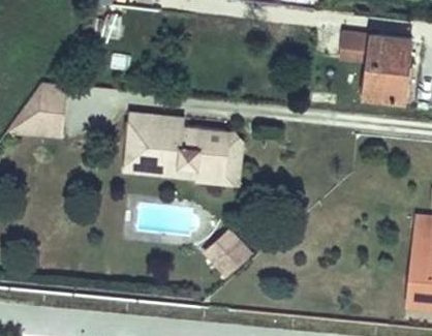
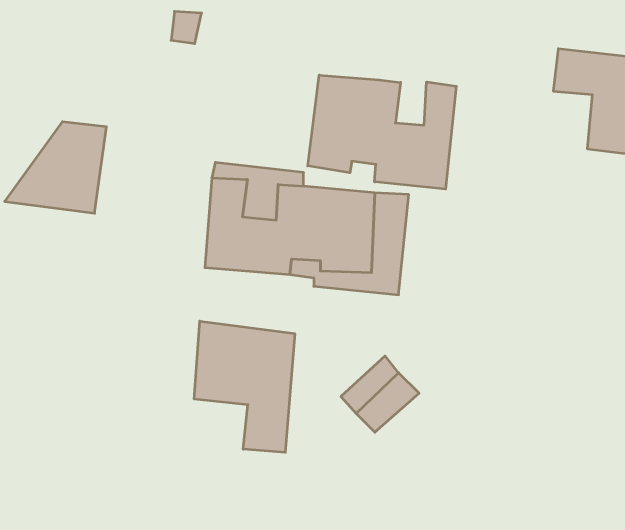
building: none -> [308,75,456,189]
building: none -> [194,321,295,452]

